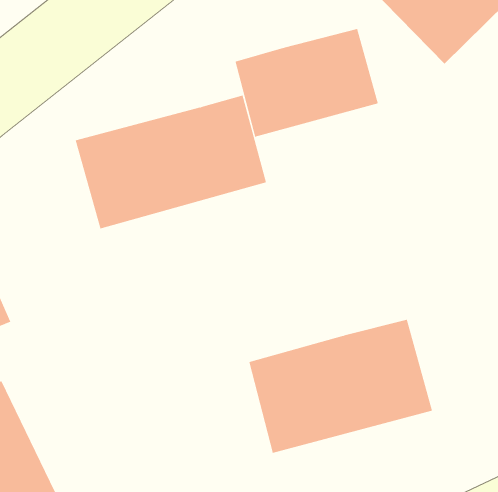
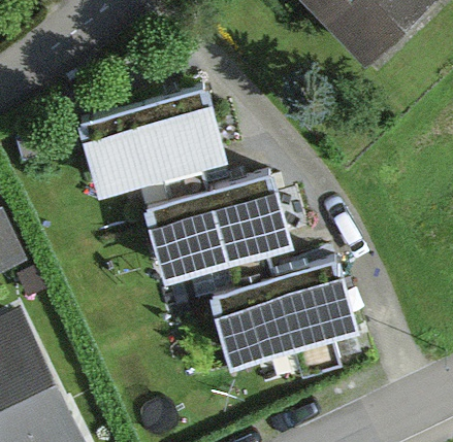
building: [235,28,378,138] -> none
building: none -> [145,176,293,283]

